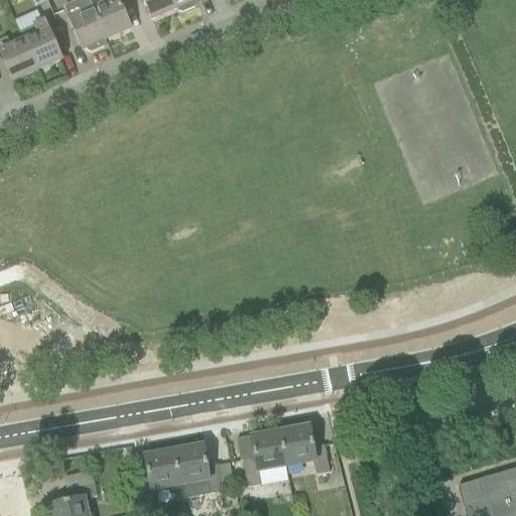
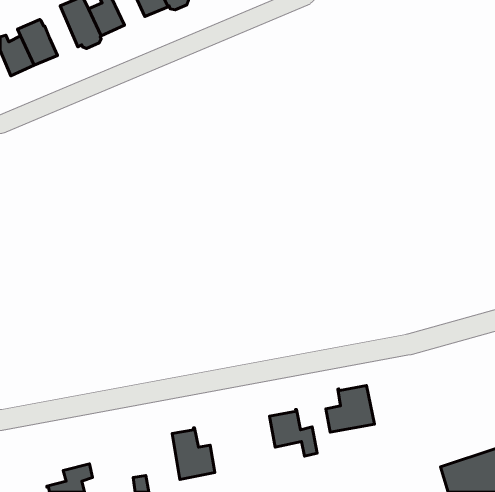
building: none -> [326,385,374,432]
building: [244,431,287,485] -> none
building: [145,449,188,499] -> none

